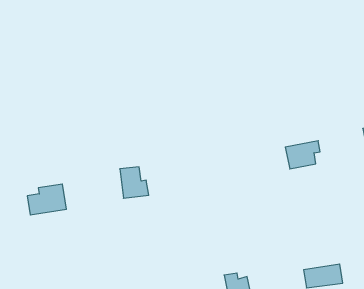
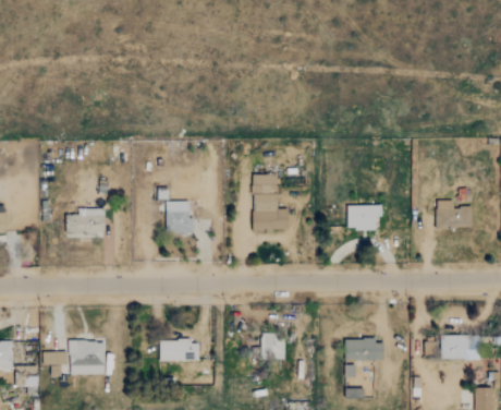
building: none -> [254,176,290,230]

